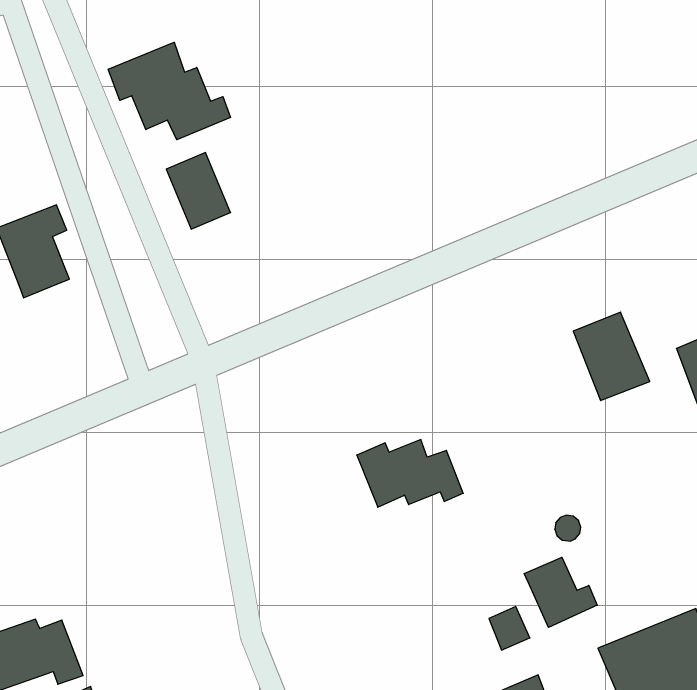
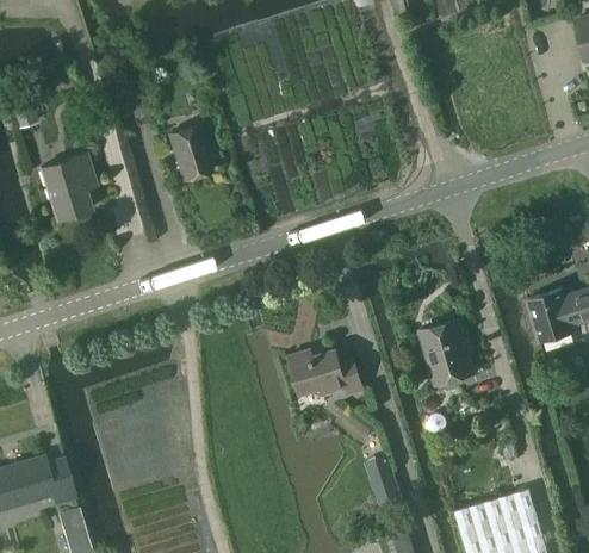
building: [108,42,231,140] -> none
building: [573,312,650,401] -> [421,321,473,384]
building: [524,557,597,627] -> none

